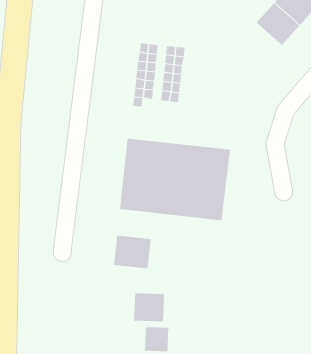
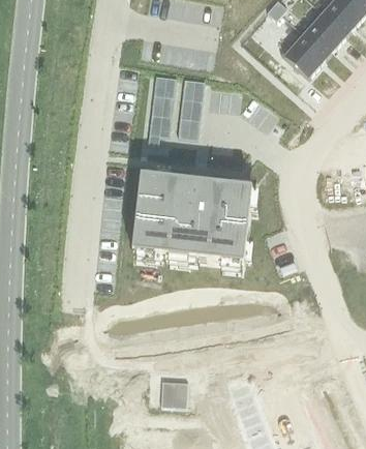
building: [114,235,151,269] -> none
building: [134,293,165,322] -> none

